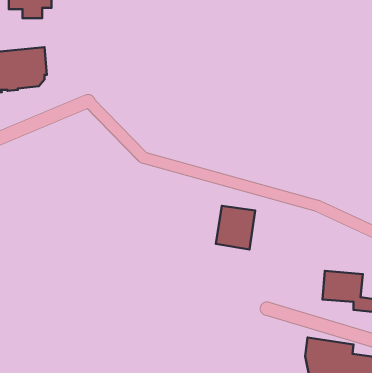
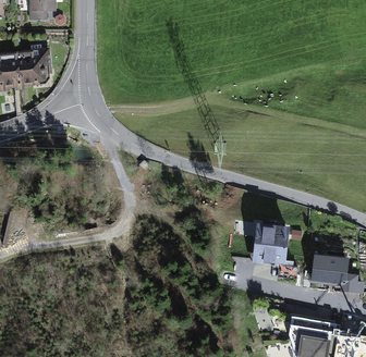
building: [216,206,255,250] -> [254,223,291,264]

